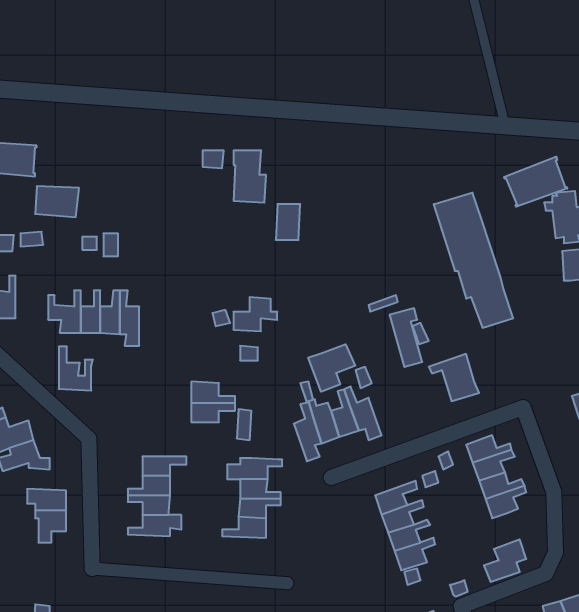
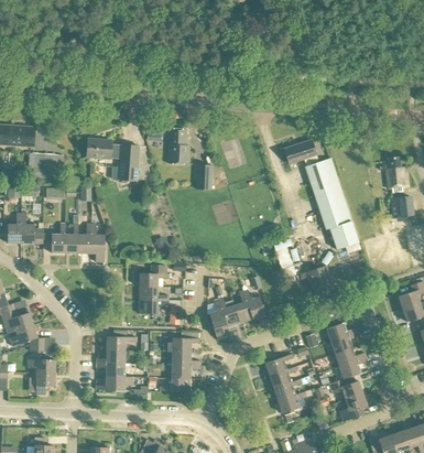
building: [504,157,567,207] -> none
building: none -> [87,139,140,181]
building: none -> [284,140,317,164]
building: [233,297,277,331] -> [140,263,170,287]
building: [308,344,355,392] -> none
building: [59,347,93,391] -> [21,214,44,244]
building: none -> [328,375,362,399]

